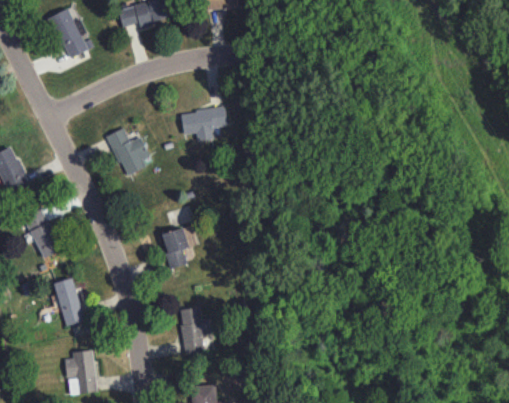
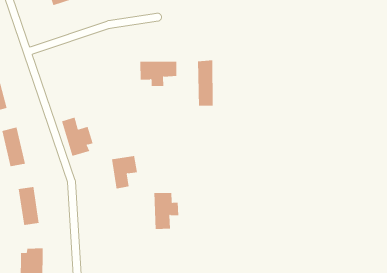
building: none -> [198,60,213,107]
building: [107,127,149,175] -> [61,117,94,157]
building: [178,306,212,353] -> [154,192,179,230]

